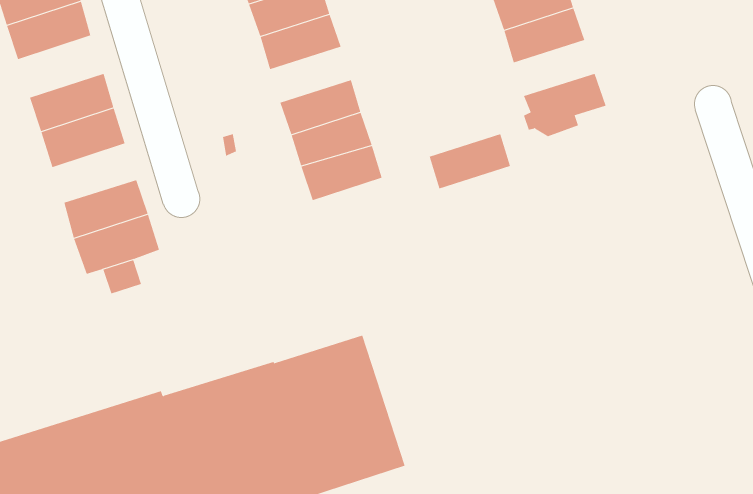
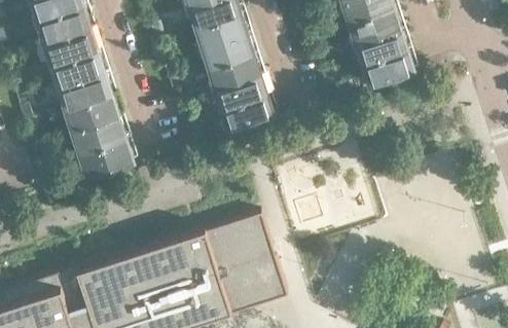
building: none -> [43,25,98,64]
building: none -> [202,32,253,67]
building: [429,133,511,189] -> [355,28,406,63]
building: none -> [65,93,118,130]

